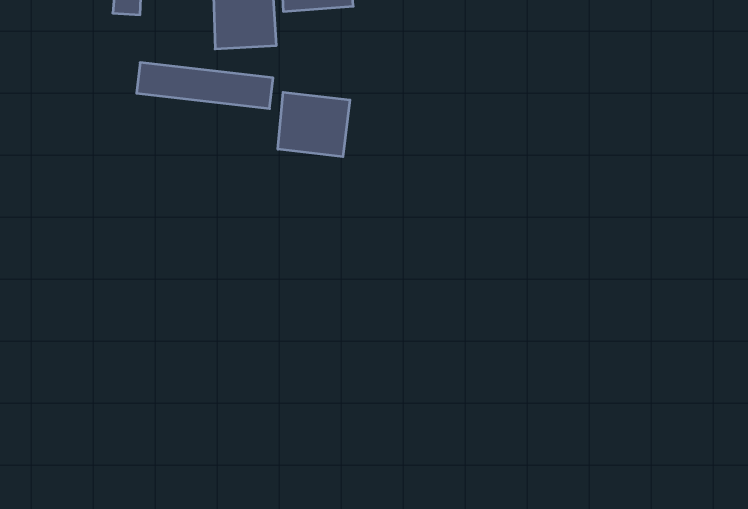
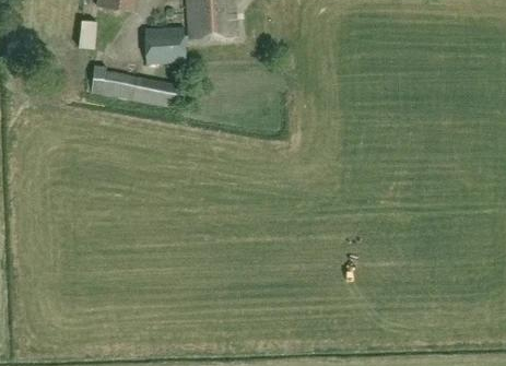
building: [278,92,350,157] -> none

